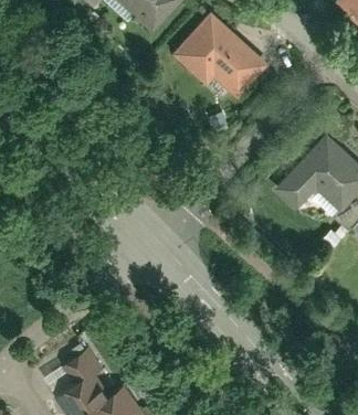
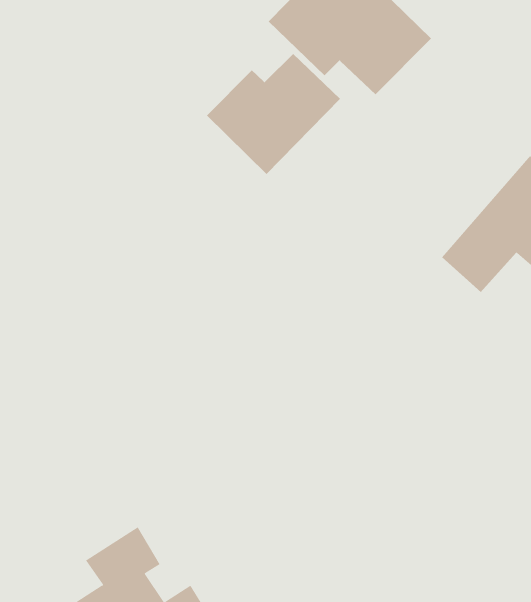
building: none -> [206,53,341,175]

